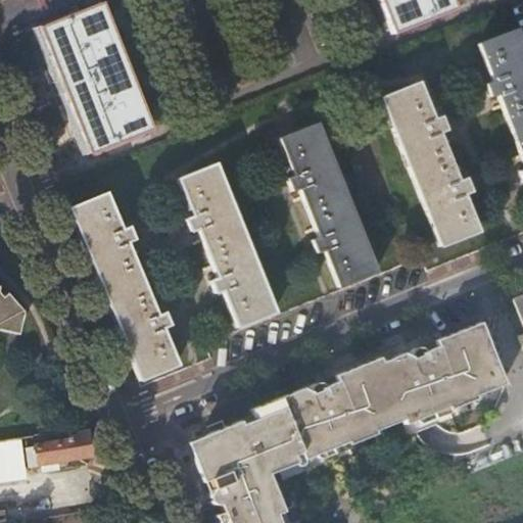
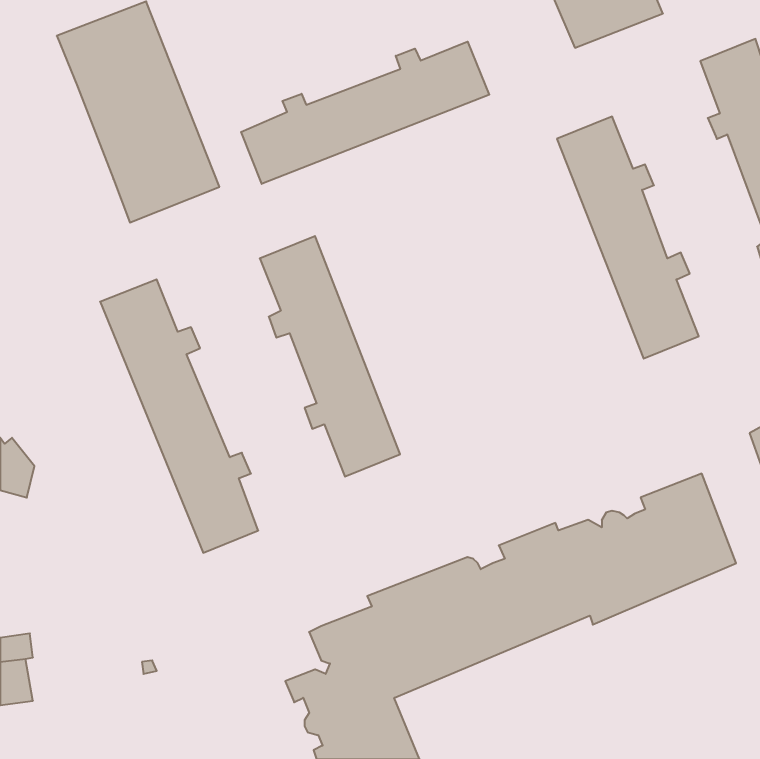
building: none -> [241,42,489,184]
building: [282,122,378,285] -> none
building: [28,428,94,464] -> none

